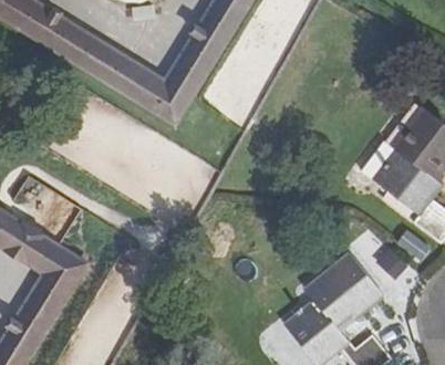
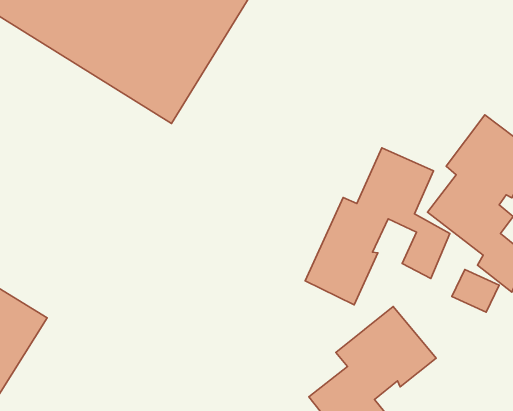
building: none -> [305,148,450,305]

